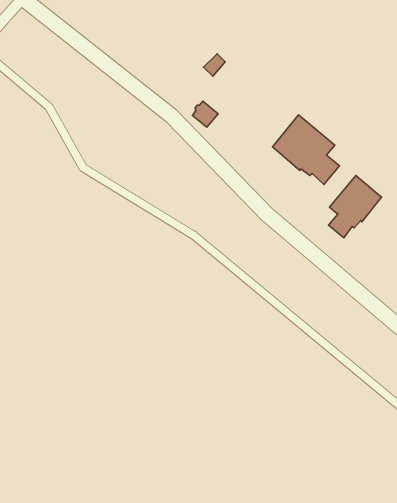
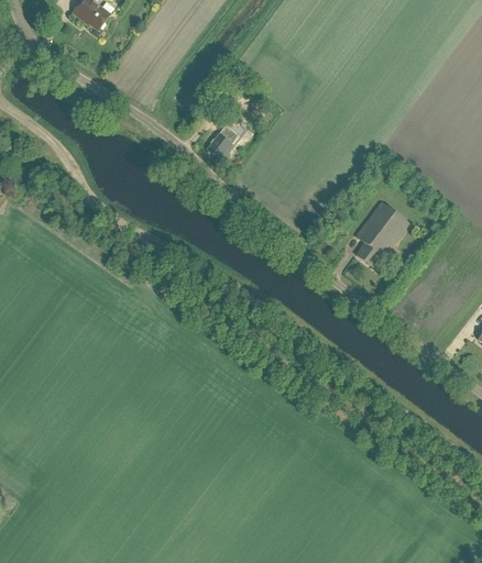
building: [273,115,339,185] -> none

